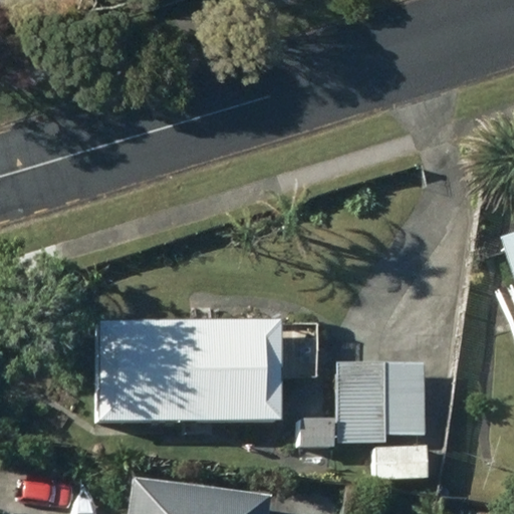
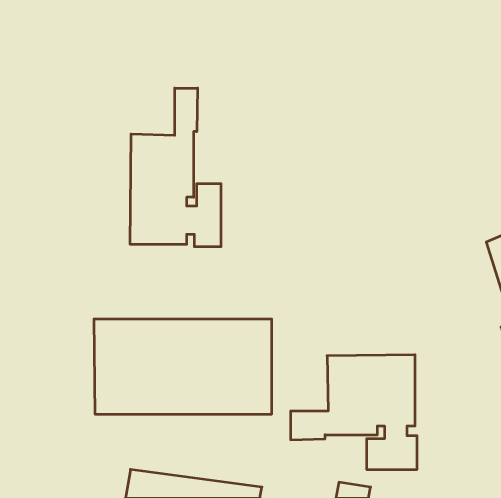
building: none -> [130,88,221,247]

